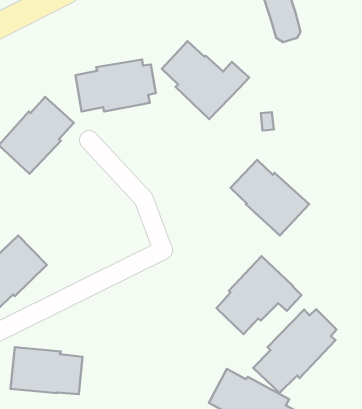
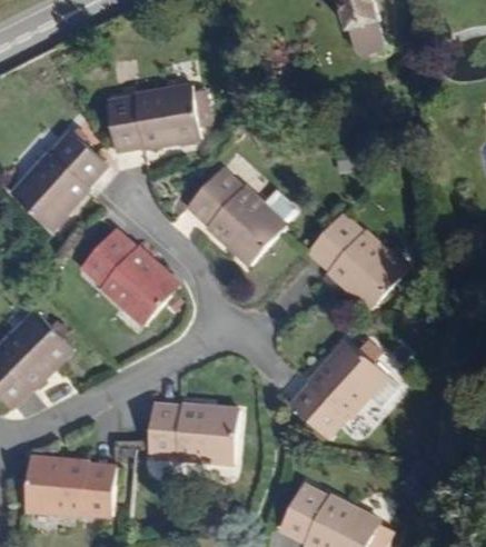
building: [162,41,249,119] -> [186,168,298,268]
building: none -> [81,231,181,325]
building: none -> [147,404,238,463]
building: [253,309,337,393] -> none

